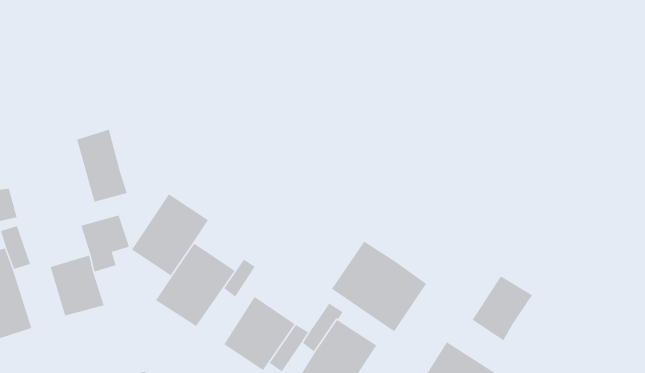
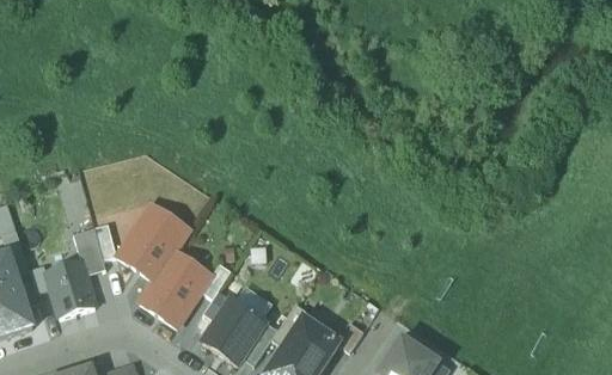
building: [76,129,128,203] -> none
building: [331,241,427,332] -> none
building: [472,276,533,341] -> none

